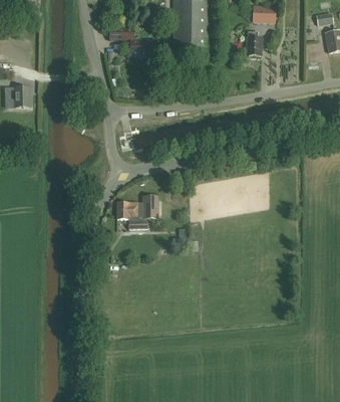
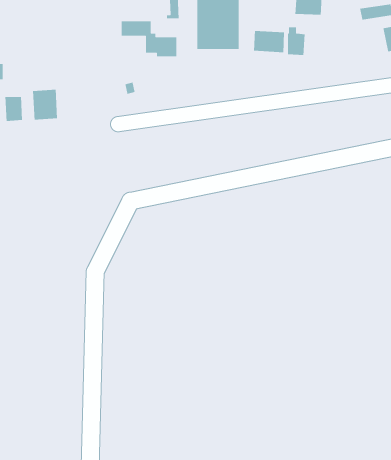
building: none -> [253,30,285,53]
building: none -> [32,89,58,120]
building: [116,198,157,228] -> none

